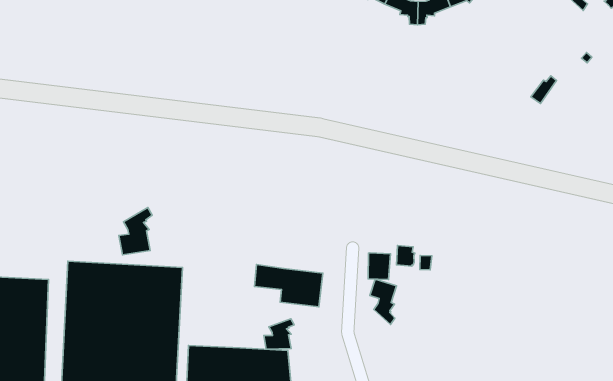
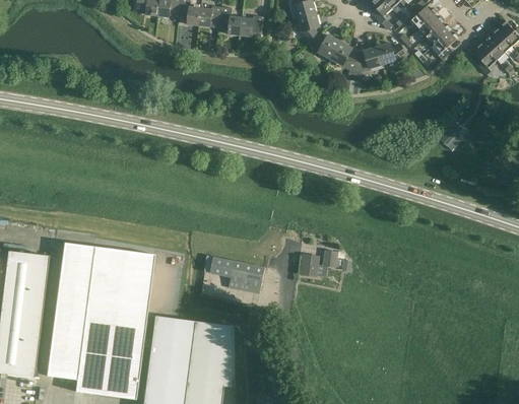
building: [119,207,152,255] -> none
building: [370,279,396,325] -> none
building: [264,319,294,349] -> none

